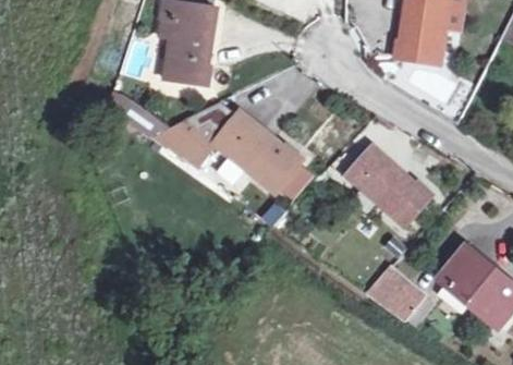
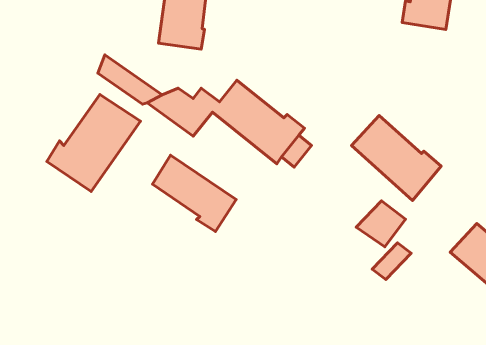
building: none -> [47,95,140,191]
building: none -> [152,155,236,231]
building: [379,277,426,320] -> [356,201,406,247]

